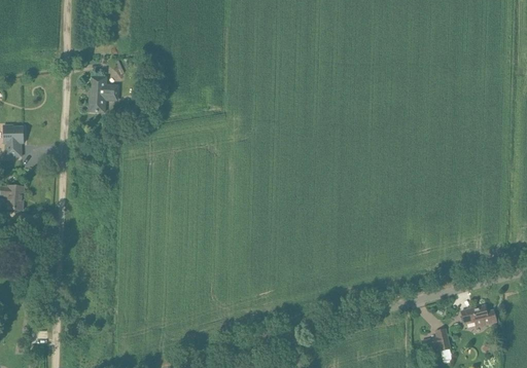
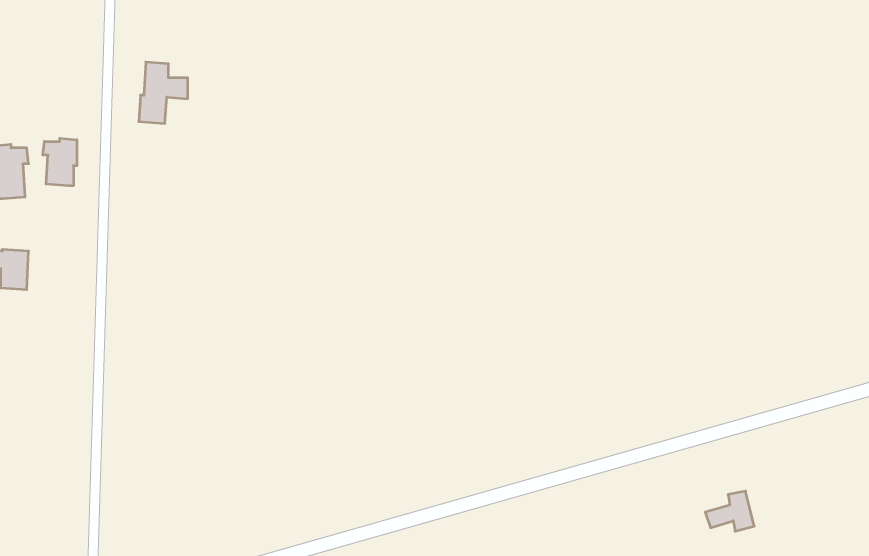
building: none -> [43,138,77,186]
building: [461,304,497,328] -> none

